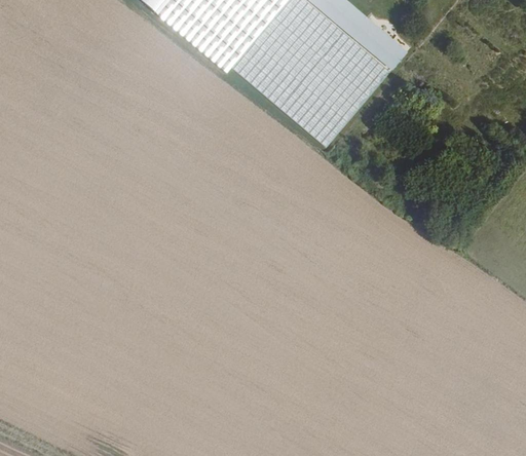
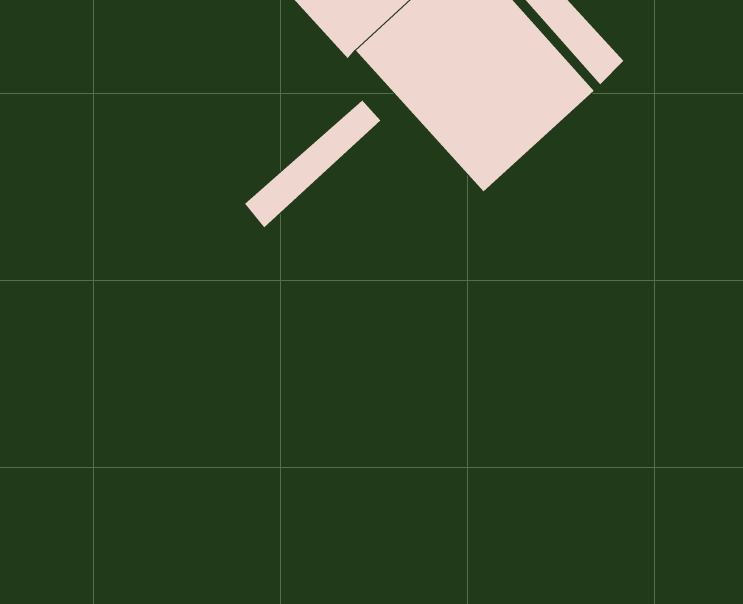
building: none -> [244,99,381,228]

